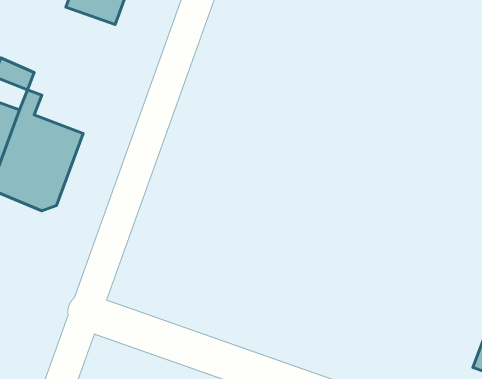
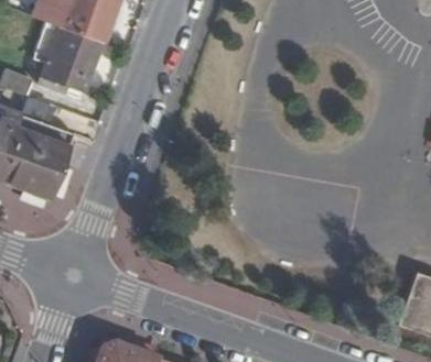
building: none -> [41,26,101,91]

